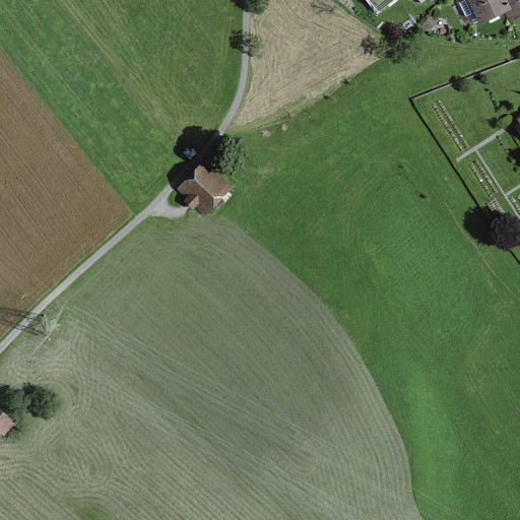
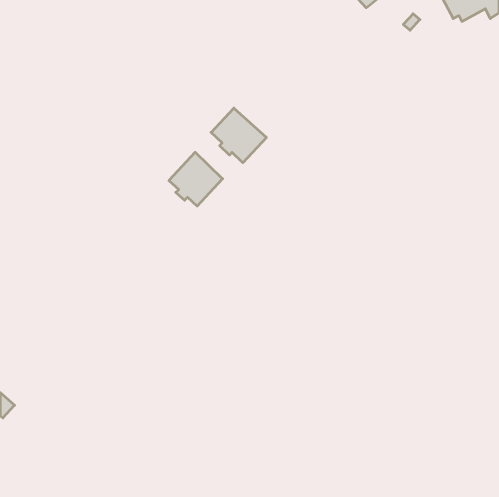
building: none -> [211,108,266,163]

